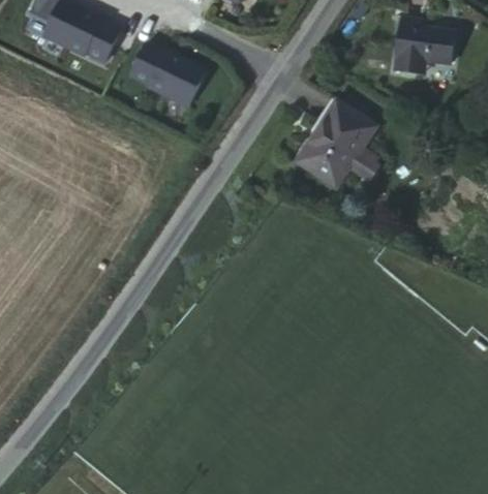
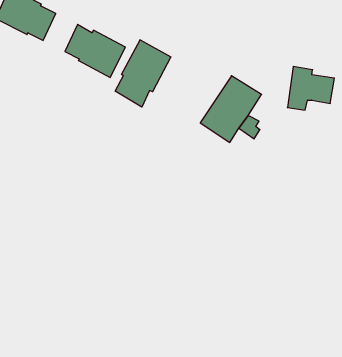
building: [394,19,452,72] -> [287,66,334,110]
building: none -> [115,40,171,107]

